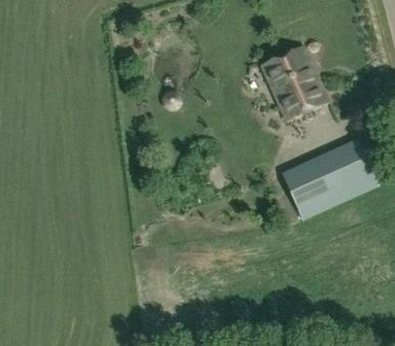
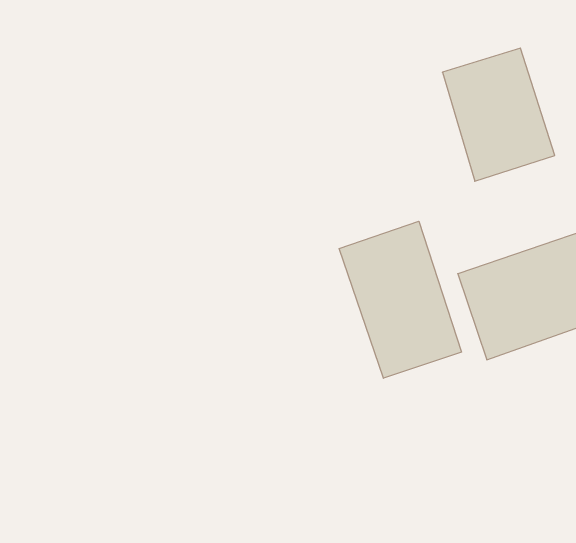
building: none -> [339,221,462,378]

